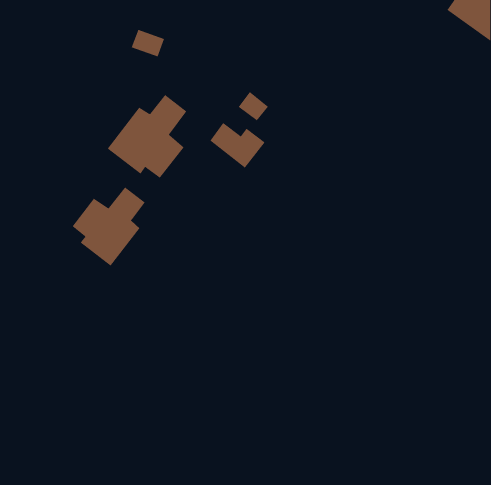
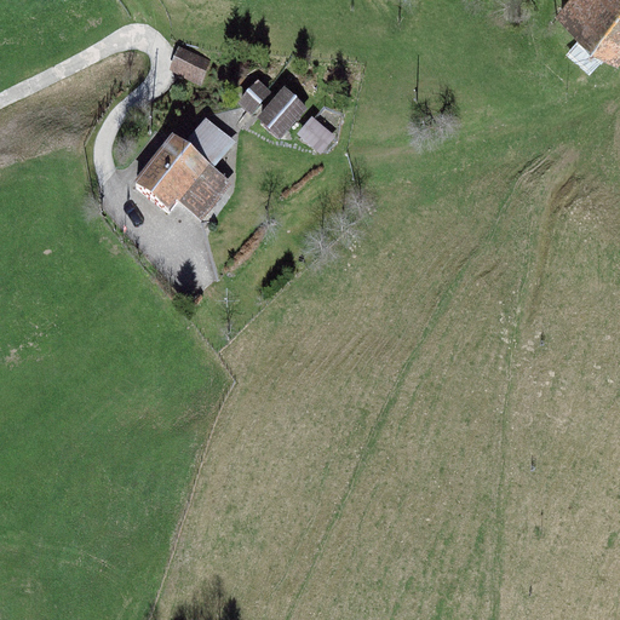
building: [209,122,266,169] -> [237,79,308,137]
building: [72,187,145,267] -> none

